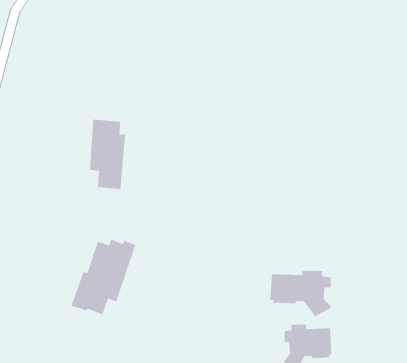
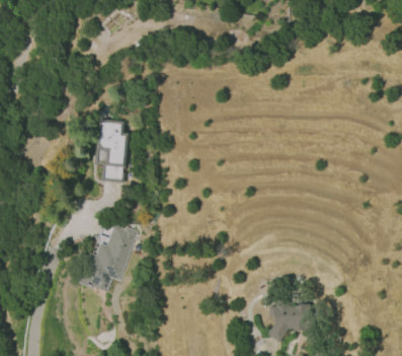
building: [270,270,333,317] -> none

